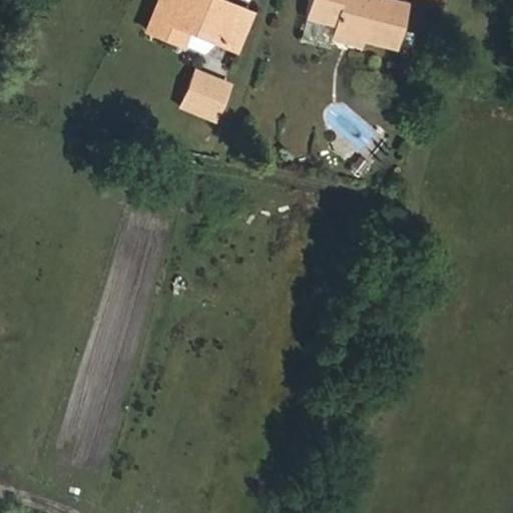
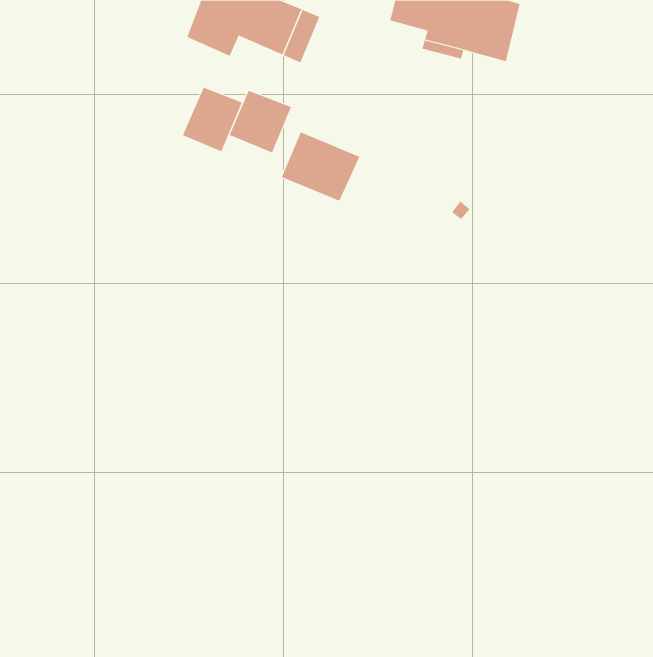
building: none -> [182,87,243,152]
building: none -> [281,132,360,201]

